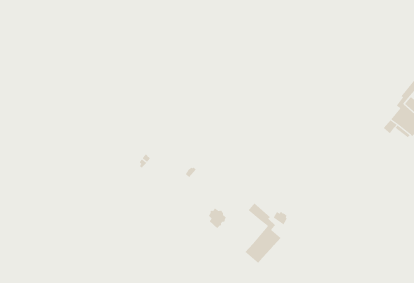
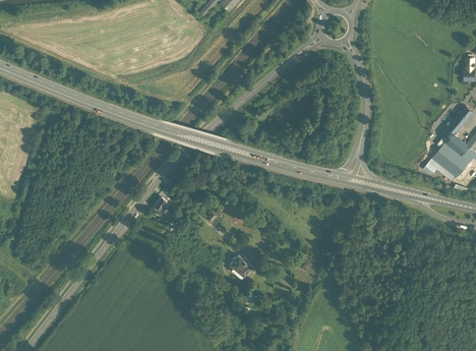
building: [244,203,282,264] -> none

